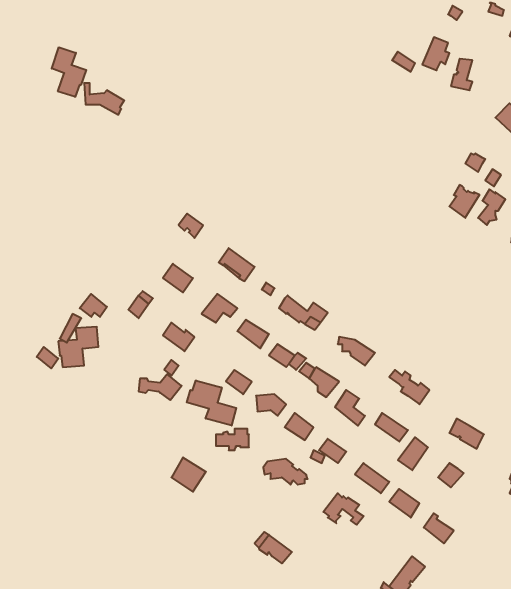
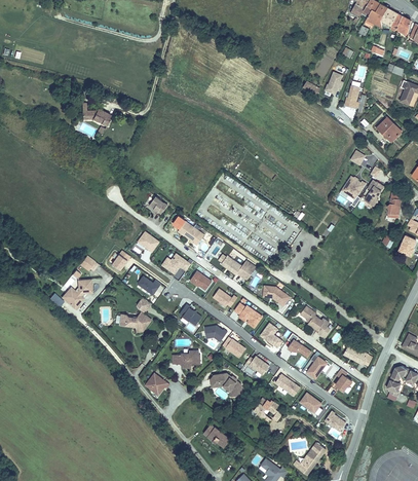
building: [52,47,86,97] -> none
building: [187,380,236,426] -> none

